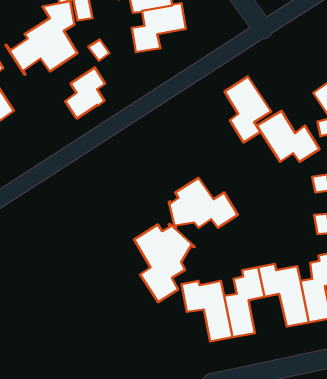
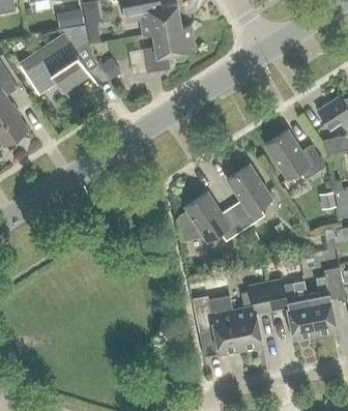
building: [65,68,105,119] -> none
building: [224,77,271,143] -> [227,167,272,231]
building: [134,224,195,302] -> none

